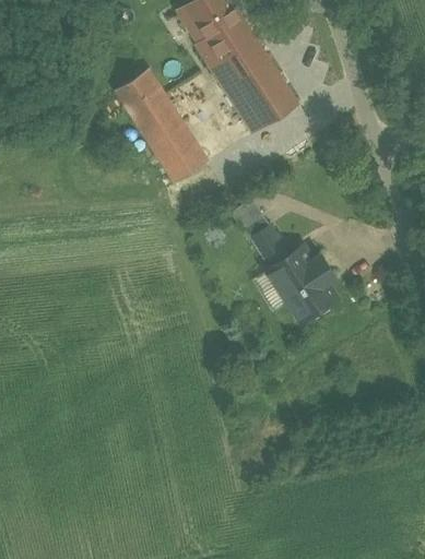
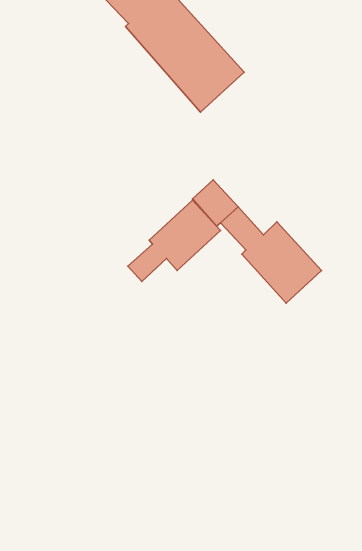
building: [117,69,209,182] -> none
building: none -> [128,200,220,282]

